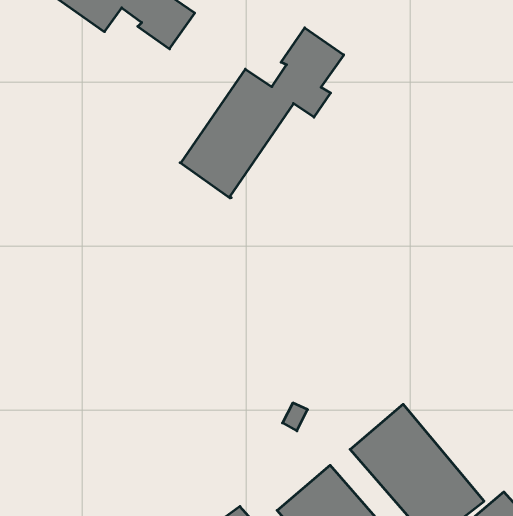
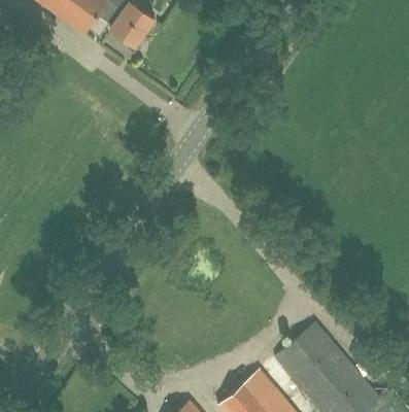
building: [180,28,344,198] -> none

